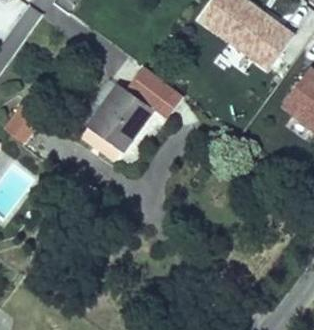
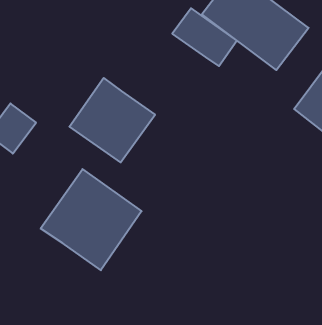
building: [126,65,184,117] -> [172,8,237,66]
building: none -> [41,169,142,270]

